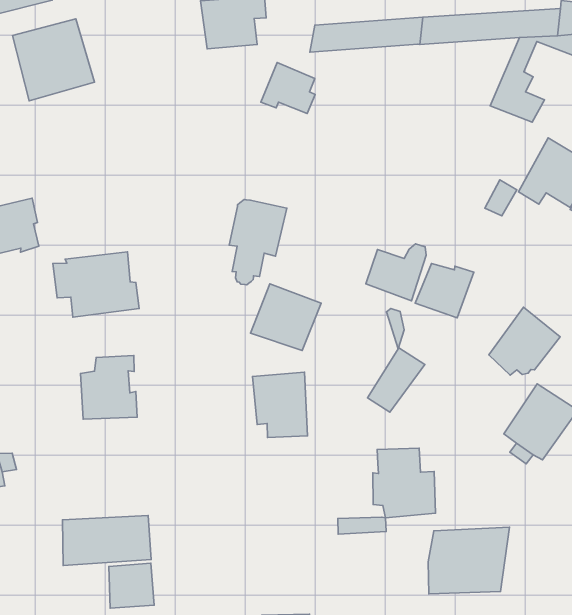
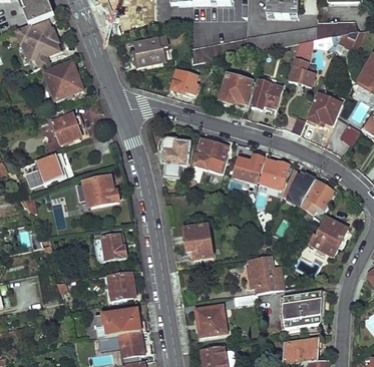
building: none -> [220,74,251,107]
building: none -> [252,80,283,109]
building: none -> [49,105,83,146]
building: [251,284,321,351] -> [194,140,228,172]
building: [368,348,425,412] -> [288,172,315,206]
building: none -> [108,273,133,300]
building: none -> [195,306,227,338]

